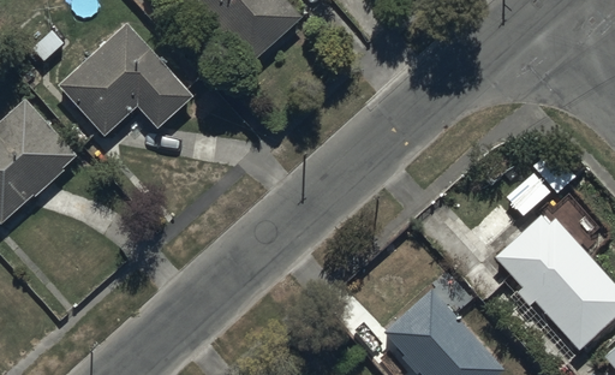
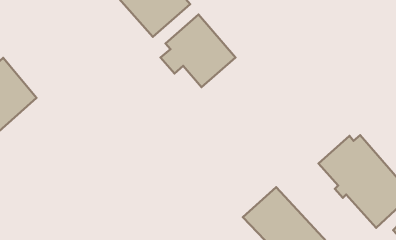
building: [61,23,193,137] -> none
building: none -> [160,14,235,87]

